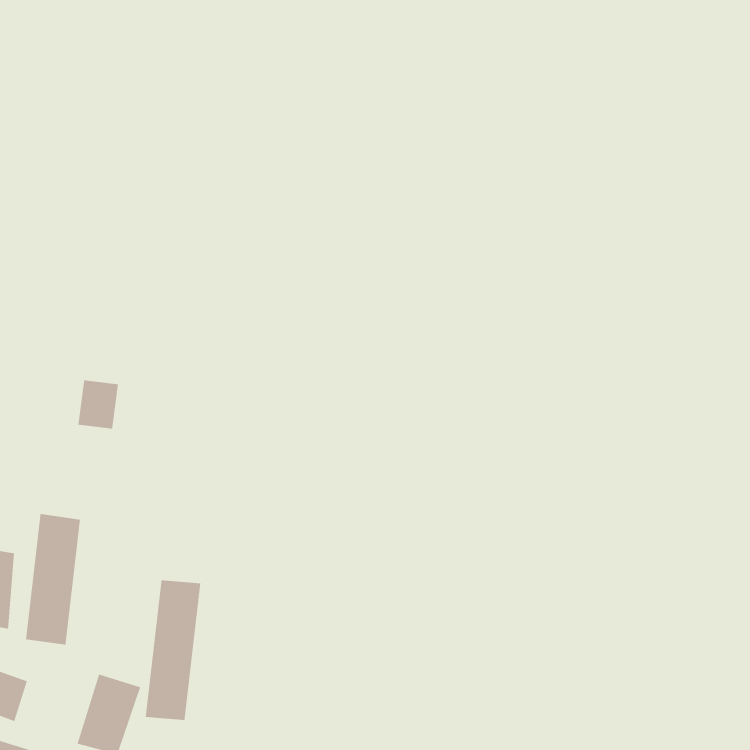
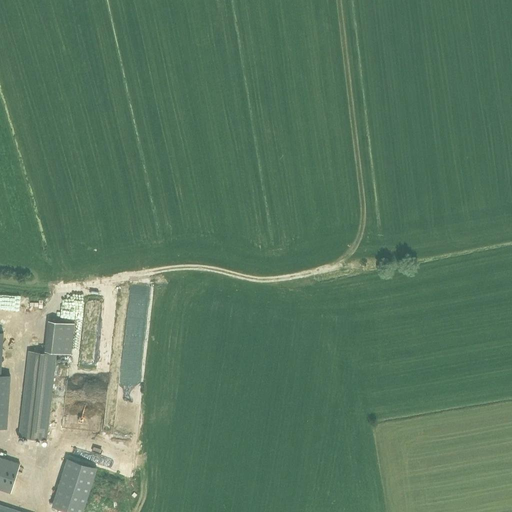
building: [78,380,119,430] -> [46,321,74,355]
building: [145,579,201,721] -> none

